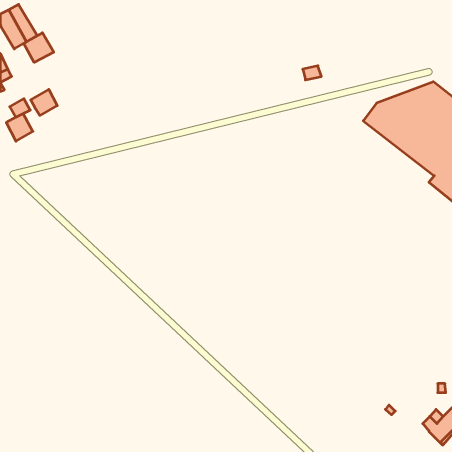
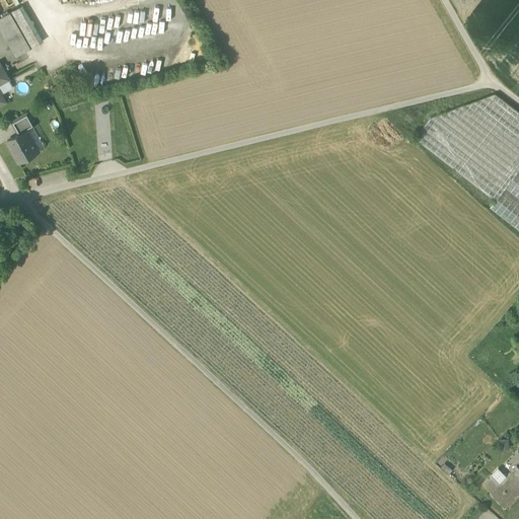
building: [24,33,54,62] -> none
building: [31,89,57,115] -> none

